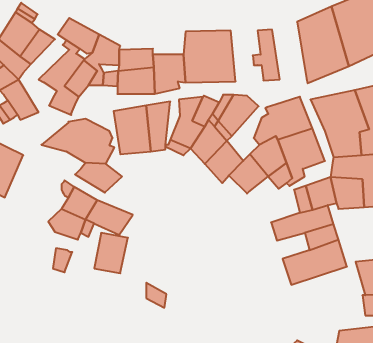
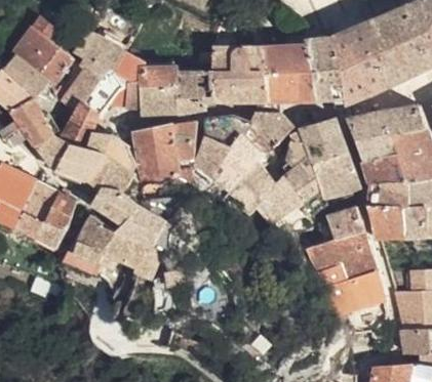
building: none -> [304,38,342,99]
building: none -> [261,47,292,101]
building: none -> [36,127,90,169]
building: none -> [19,180,78,245]
building: none -> [118,203,170,244]

